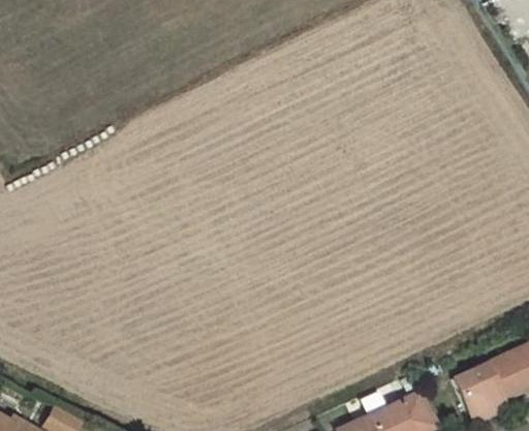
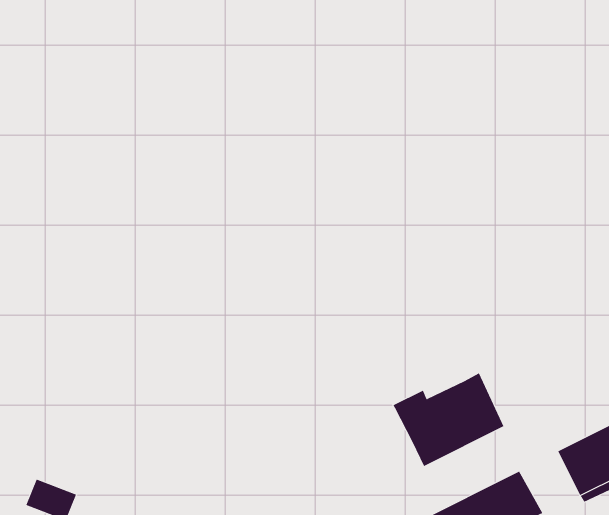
building: none -> [393,372,504,467]

